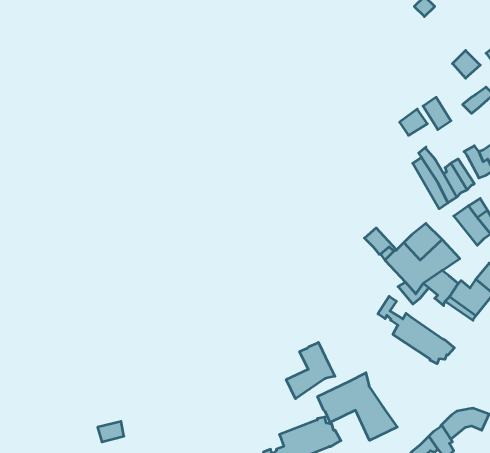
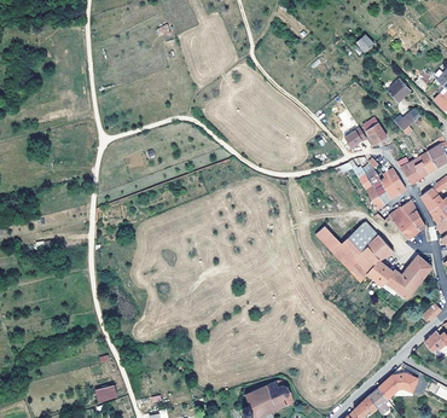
building: [378,296,454,364] -> none
building: [286,342,335,399] -> none
building: [318,373,397,440] -> none

